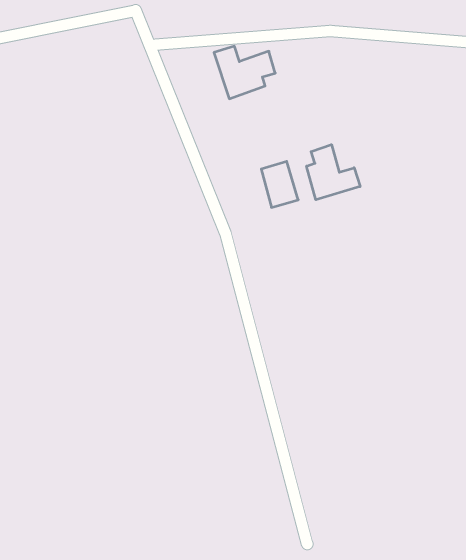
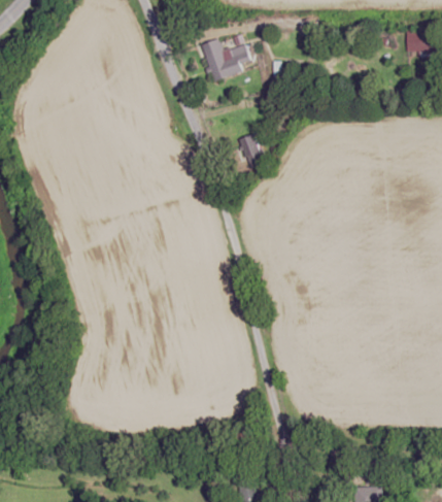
building: [307,145,360,200] -> none

